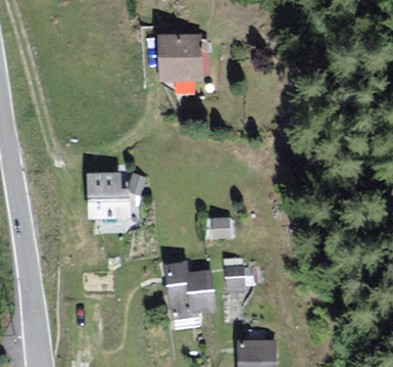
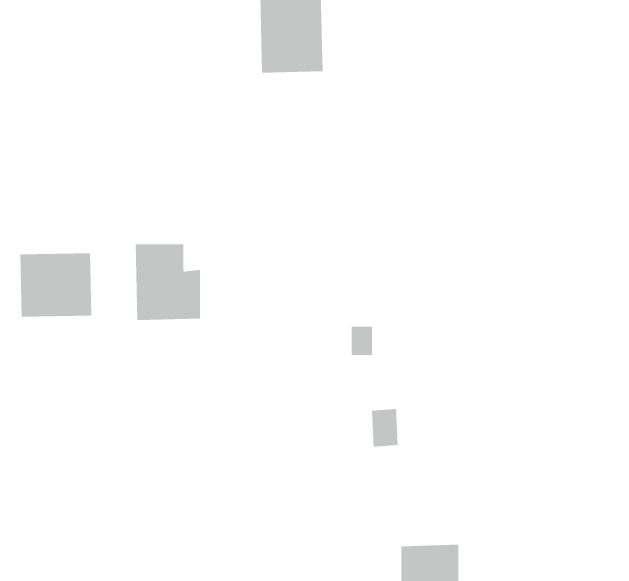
building: none -> [20,253,92,318]
building: [167,264,214,315] -> none

